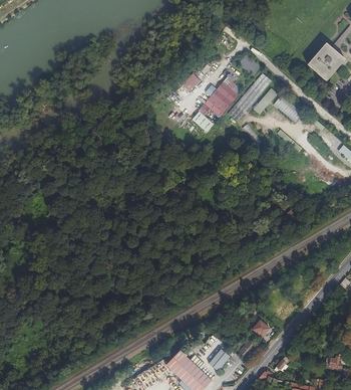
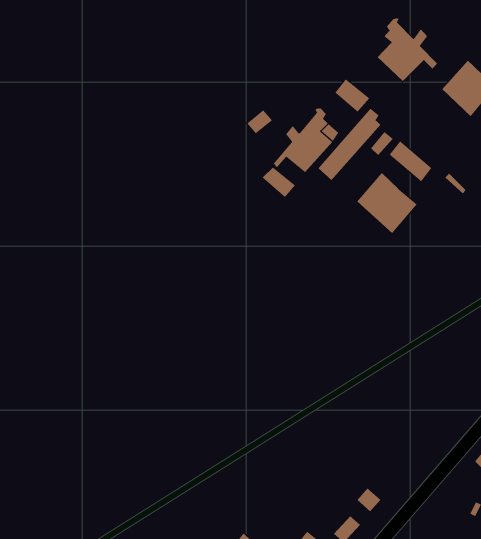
building: none -> [377,18,438,82]
building: none -> [356,172,418,234]

